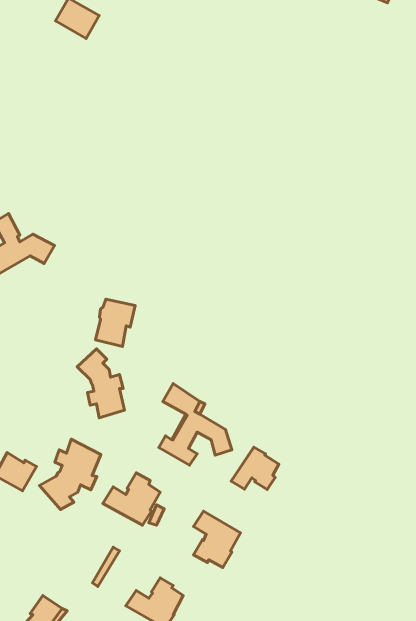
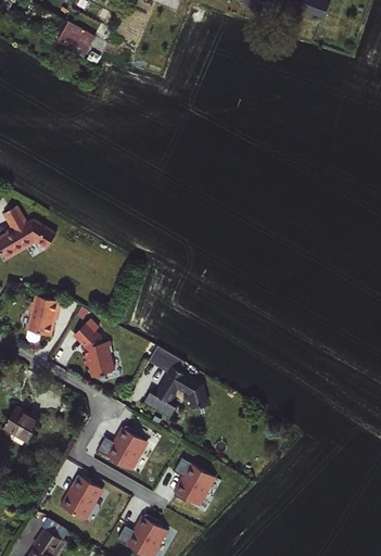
building: [96,299,135,346] -> [27,296,61,337]
building: [40,439,101,510] -> none
building: [231,447,279,490] -> none
building: none -> [61,475,100,518]

